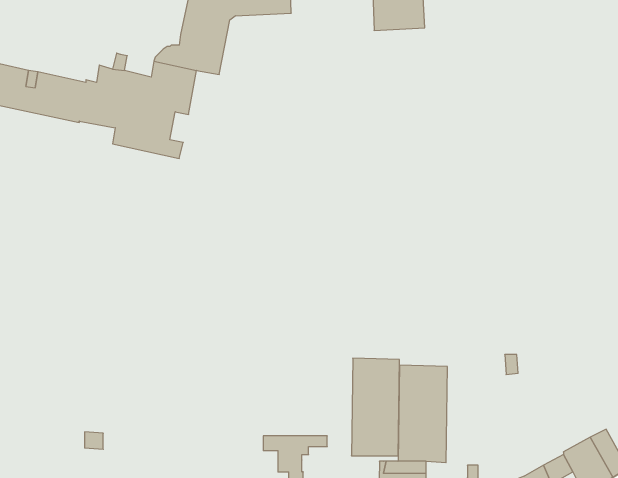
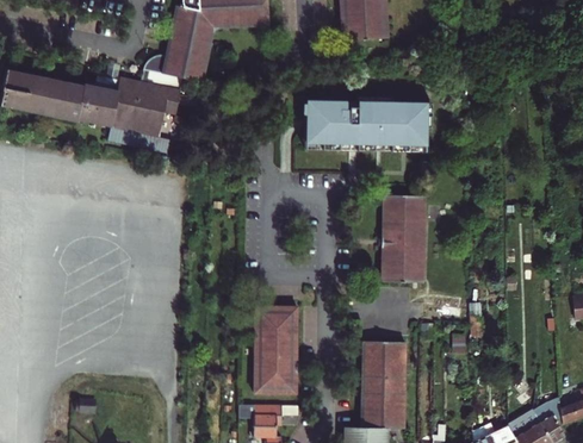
building: none -> [308,100,428,151]
building: none -> [385,195,430,283]
building: [351,358,399,456] -> [254,305,297,392]

